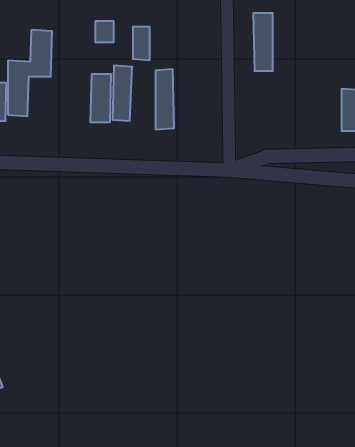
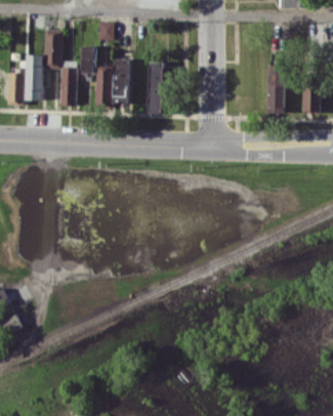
building: [253,13,273,71] -> [267,66,284,114]
building: [133,27,150,60] -> [81,46,95,74]
building: none -> [60,68,77,107]

